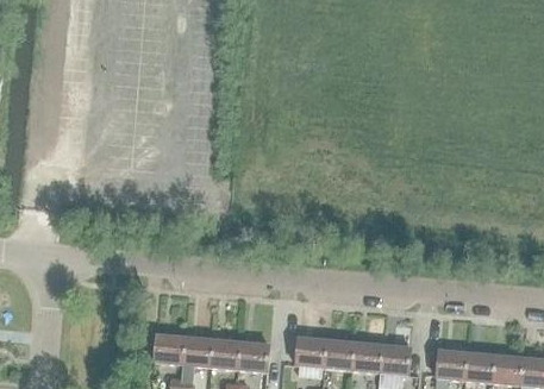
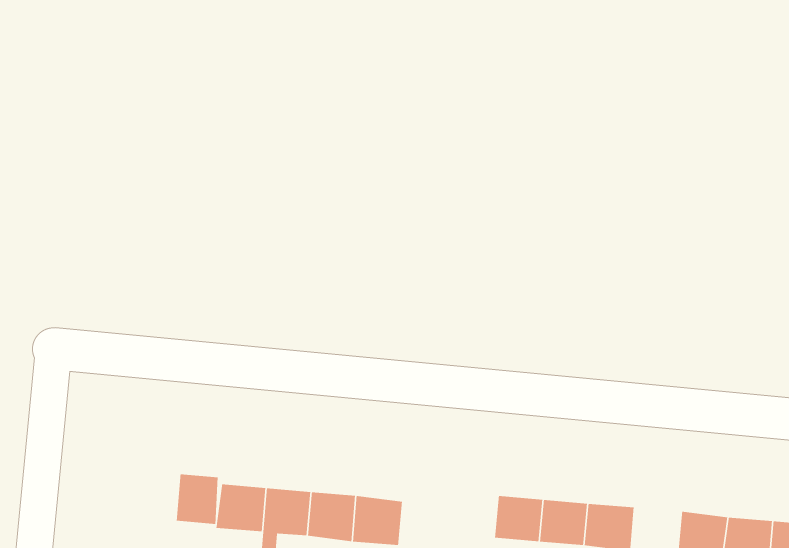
building: none -> [176,474,218,525]
building: [295,339,326,369] -> none

